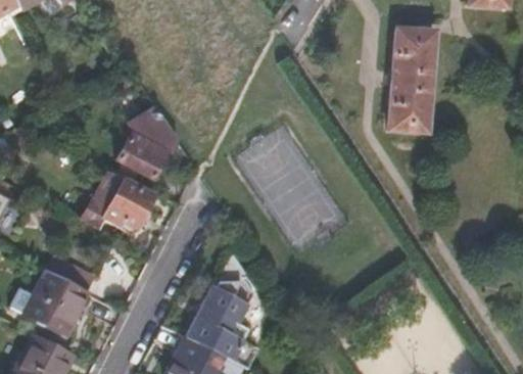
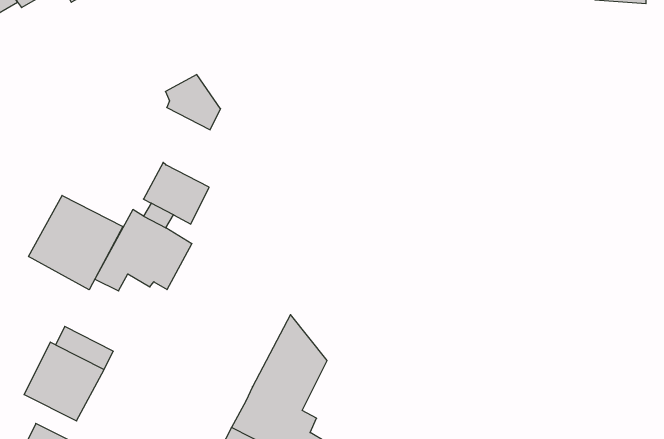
building: [389,30,434,133] -> none
building: [133,108,176,151] -> [165,75,221,130]
building: none -> [29,195,123,290]

